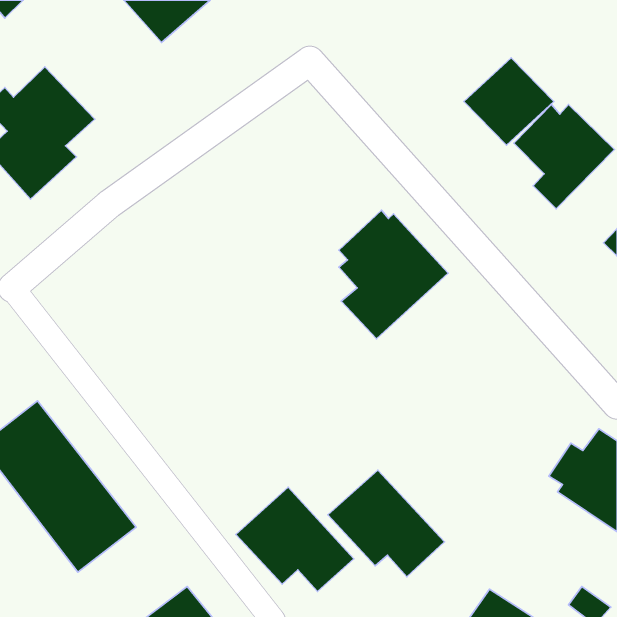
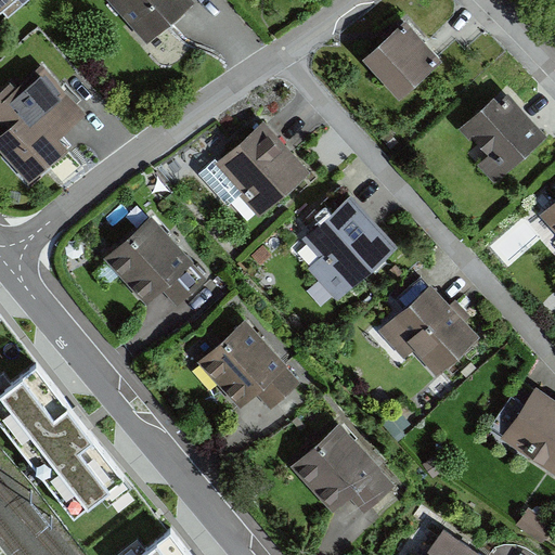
building: [464,58,554,145] -> [360,22,440,100]
building: none -> [217,124,309,224]
building: none -> [104,218,208,310]
building: none -> [383,286,481,376]
building: [236,487,354,592] -> [196,318,301,411]

